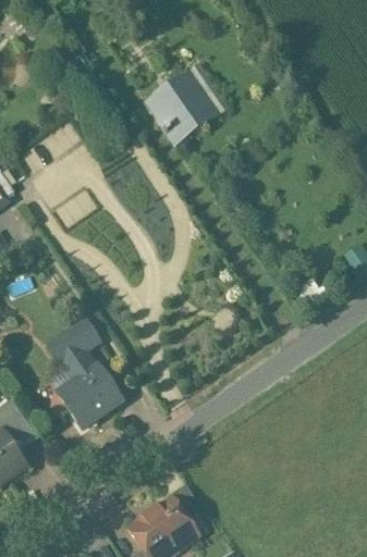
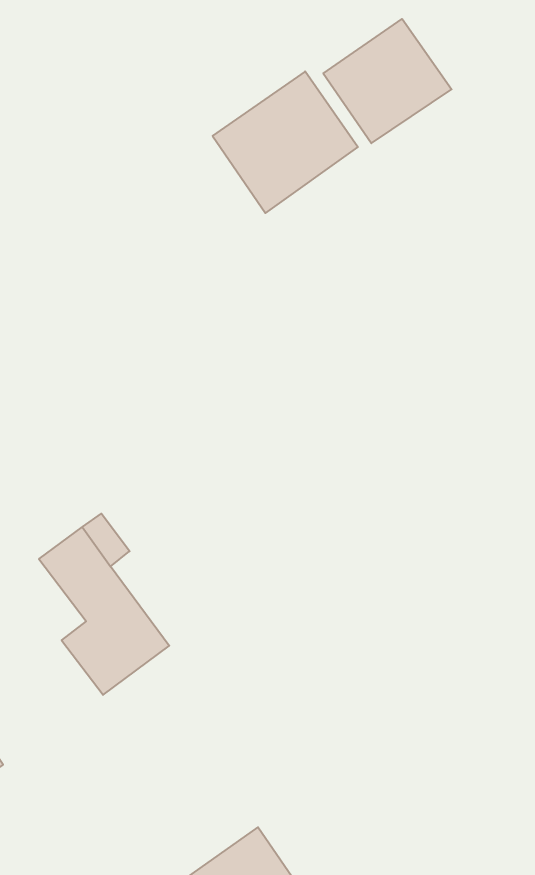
building: none -> [323,19,452,143]

